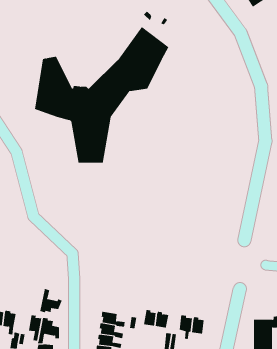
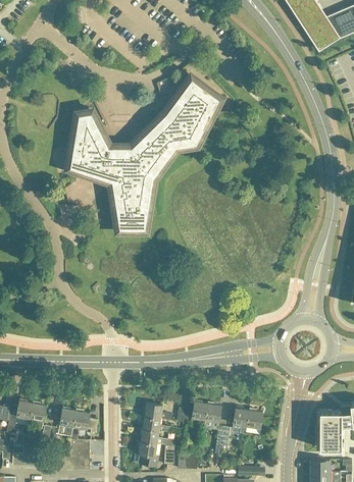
building: [39,288,63,313] -> none

